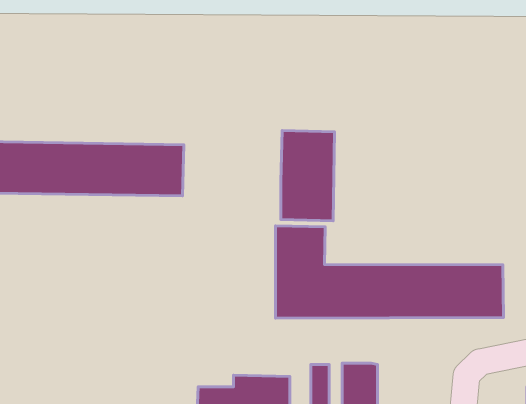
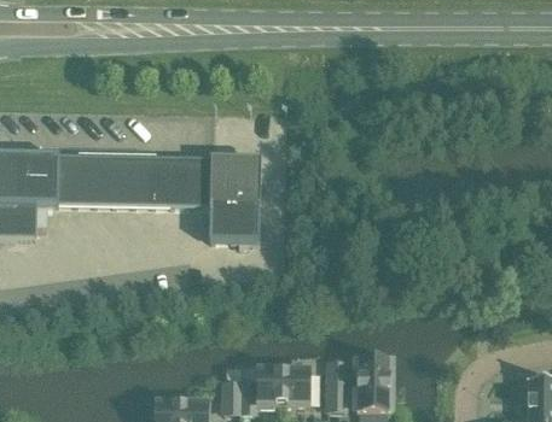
building: [281,130,334,221] -> [210,156,260,239]
building: [276,226,503,318] -> none

